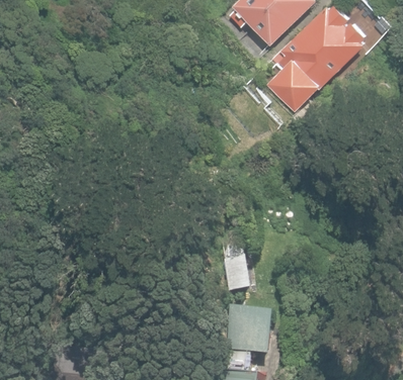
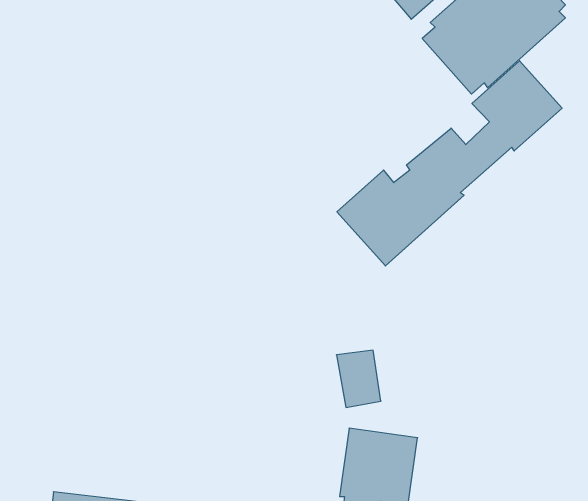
building: none -> [337,61,562,266]

